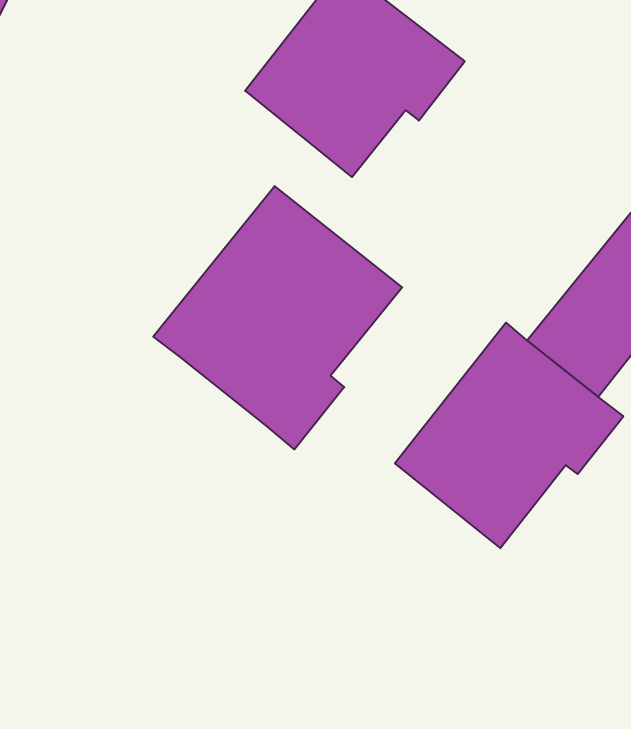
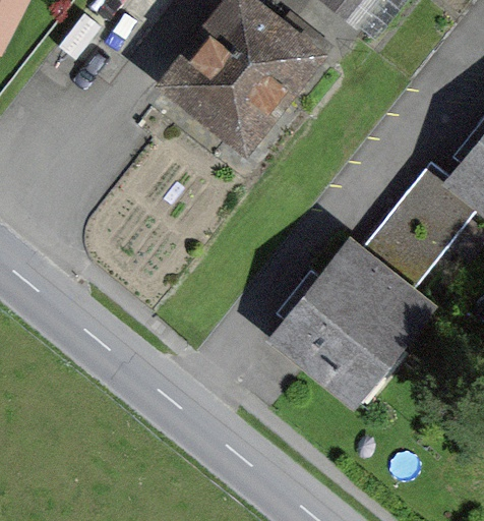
building: [153,186,402,449] -> none

